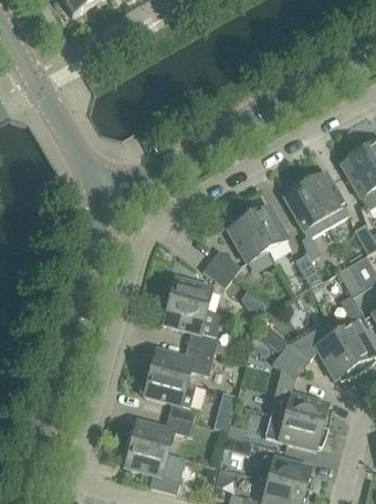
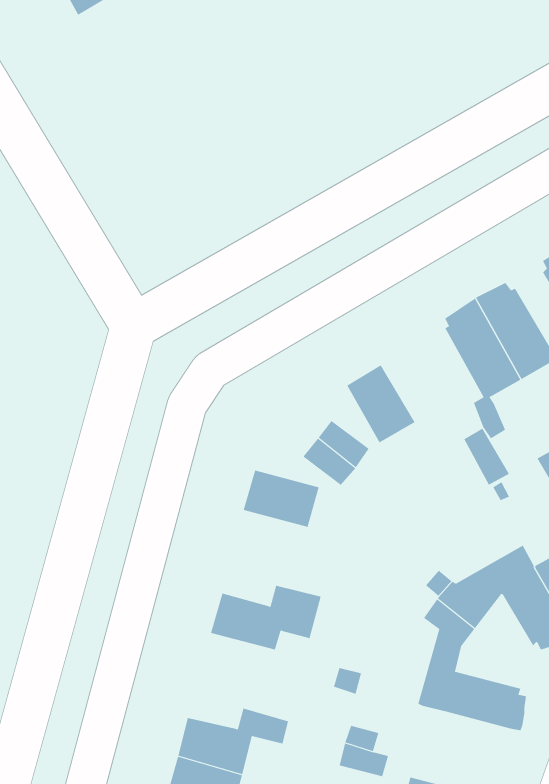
building: [248,204,289,250] -> none
building: [163,301,219,350] -> none
building: [143,371,199,422] -> none
building: [265,413,328,450] -> none

